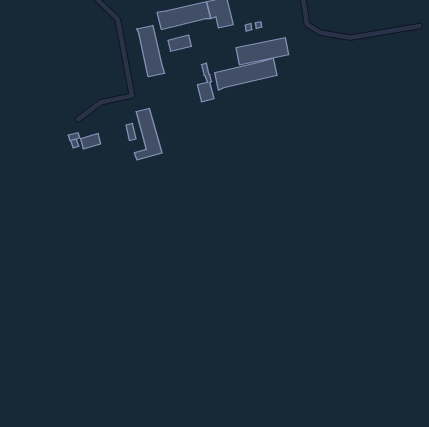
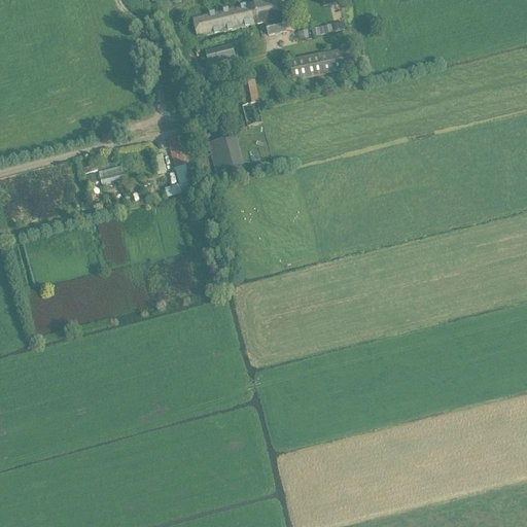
building: [137,25,164,77] -> none
building: [215,58,277,90] -> none
building: none -> [208,134,241,171]

